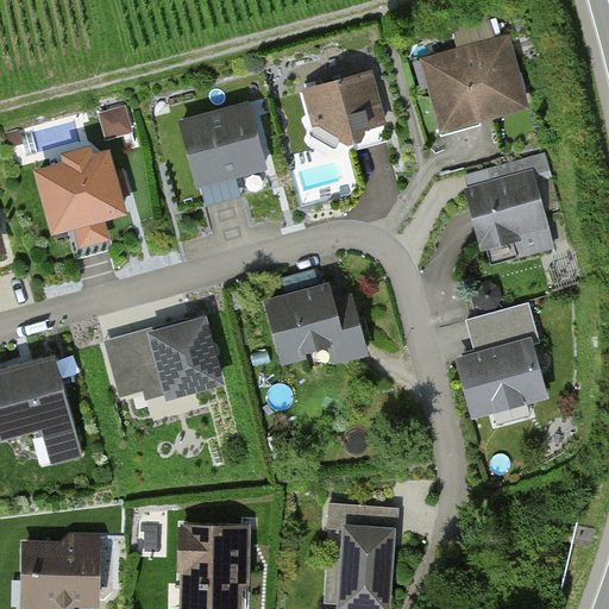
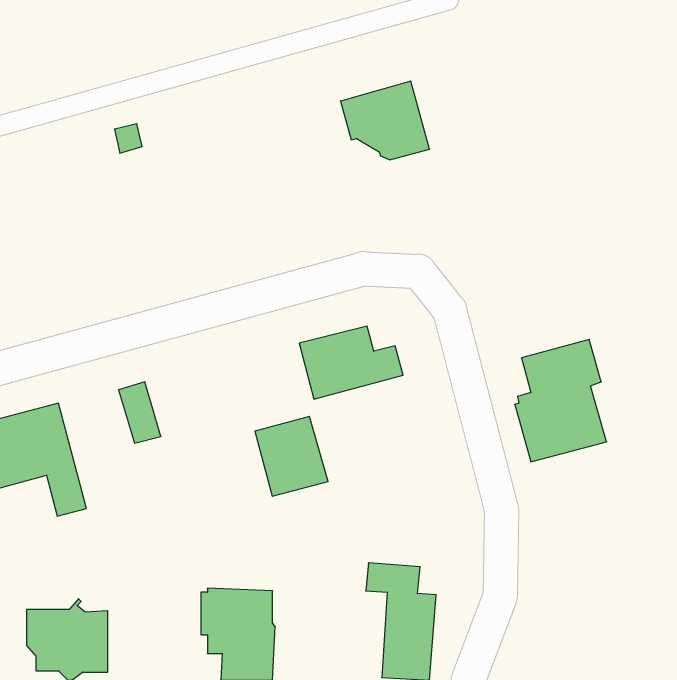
building: [426,42,521,118] -> none
building: [181,106,263,184] -> none
building: [39,150,120,228] -> none
building: [470,162,548,255] -> none
building: [153,322,219,394] -> [255,416,328,496]

